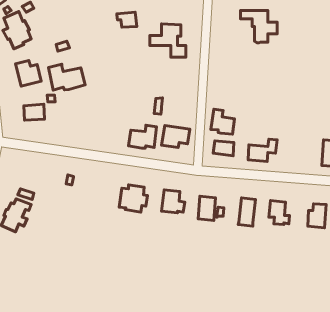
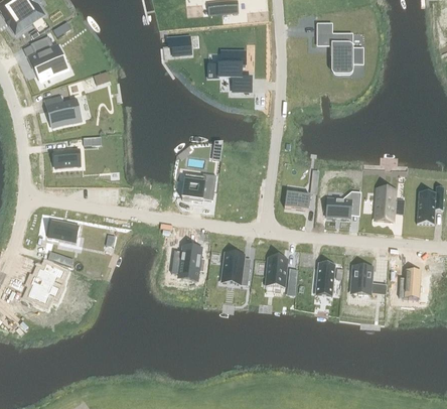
building: [48,64,85,90] -> none
building: [211,109,234,134] -> none
building: [162,125,190,148] -> none
building: none -> [375,192,405,221]
building: none -> [48,219,79,242]

